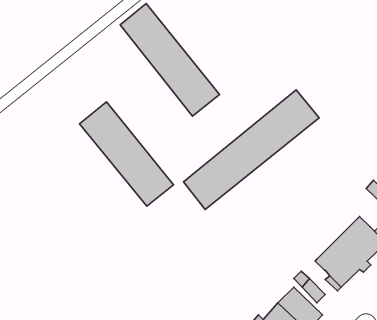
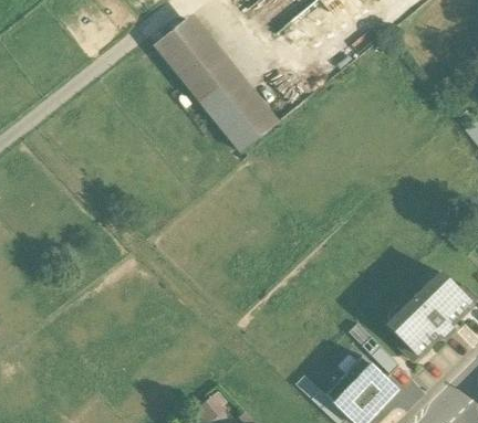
building: [183,90,319,210] -> none
building: [80,102,174,206] -> none

